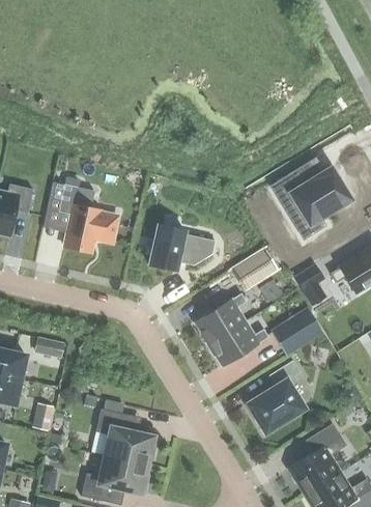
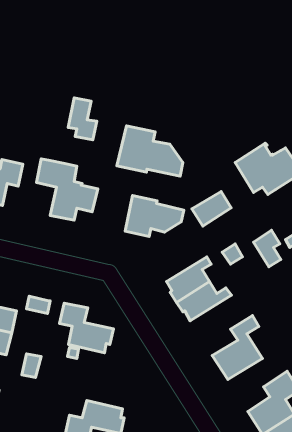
building: none -> [68,98,97,140]
building: none -> [117,126,183,176]
building: [232,250,277,289] -> [192,191,231,226]
building: [278,309,322,354] -> none
building: [95,410,156,466] -> [59,303,113,353]

